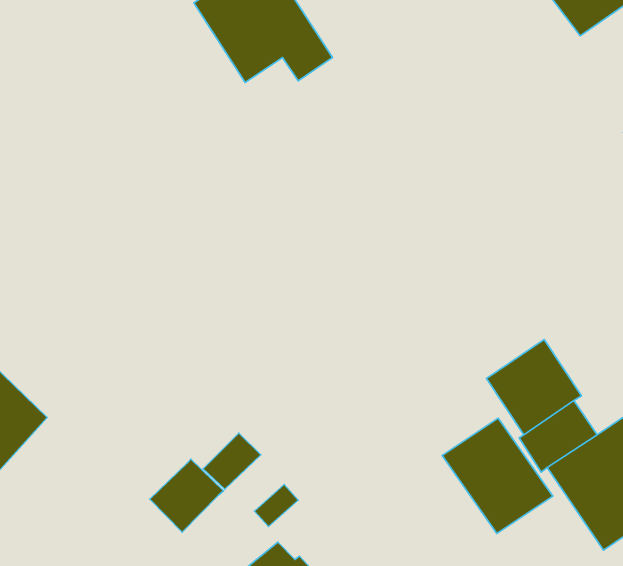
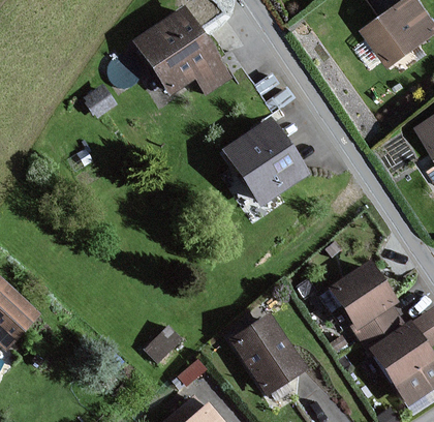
building: none -> [222,121,303,204]
building: [442,418,553,534] -> [229,317,303,393]
building: [150,459,224,532] -> none

